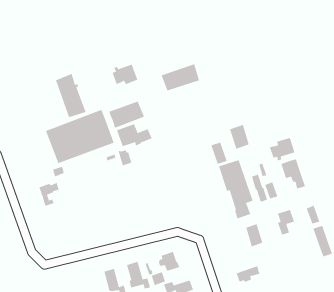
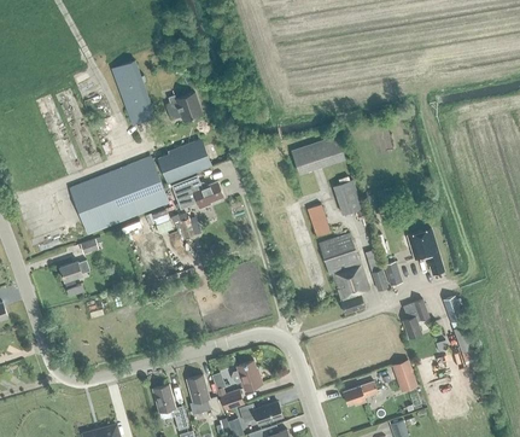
building: [161,64,200,91] -> [291,134,346,174]
building: [55,73,86,118] -> [111,60,156,124]
building: [269,137,295,161] -> none
building: [245,223,263,247] -> [392,359,417,392]

